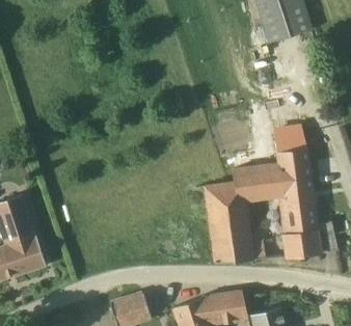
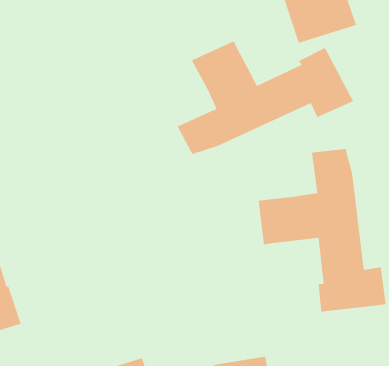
building: none -> [177,40,354,155]
building: [190,176,265,263] -> none

